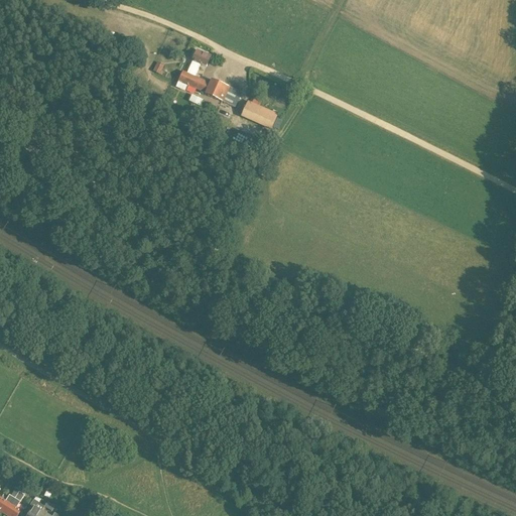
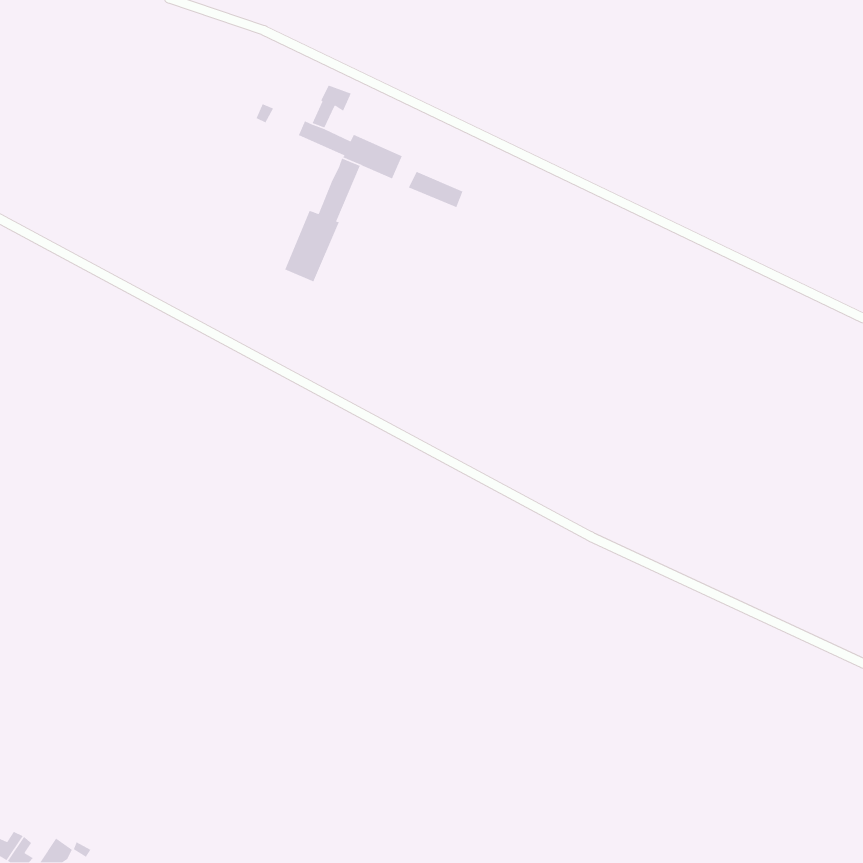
building: none -> [284,157,361,283]

